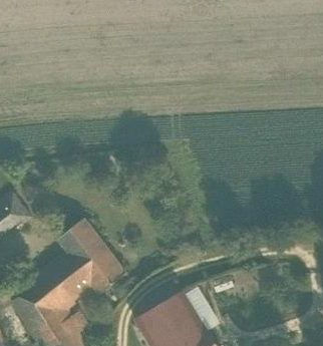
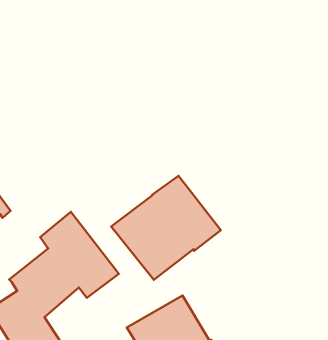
building: none -> [111,176,221,280]

